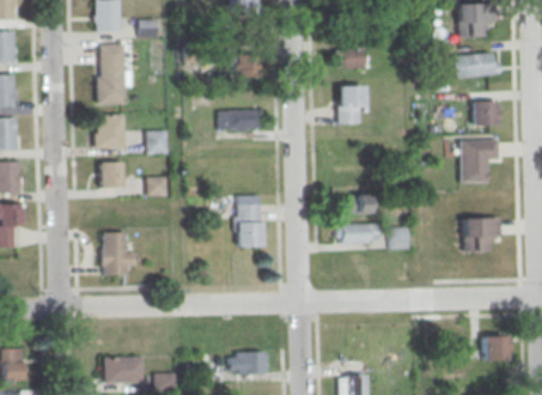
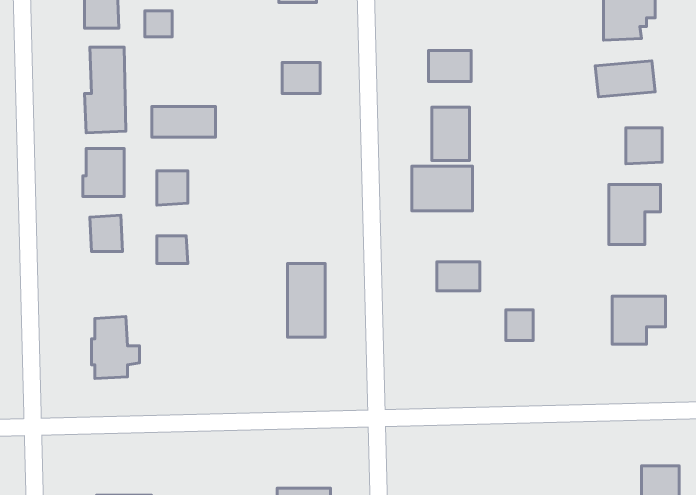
building: [219,109,263,130] -> [152,106,215,137]
building: none -> [412,166,472,211]
building: [336,224,377,243] -> none

